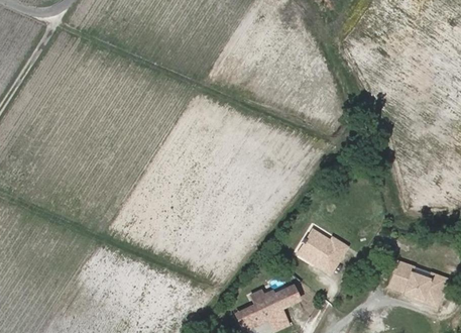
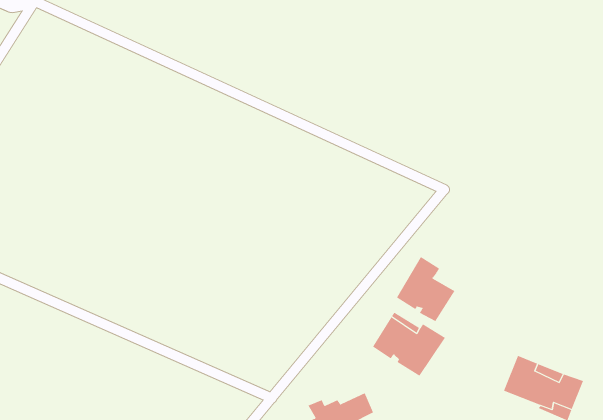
building: none -> [396,256,455,322]

